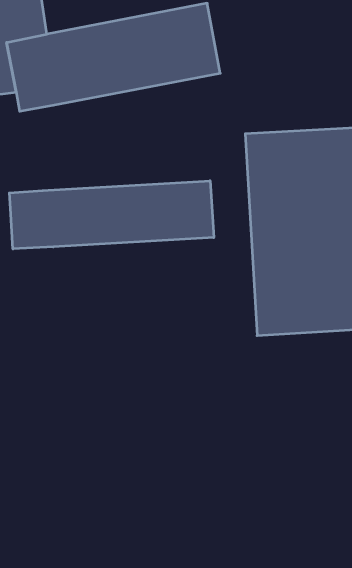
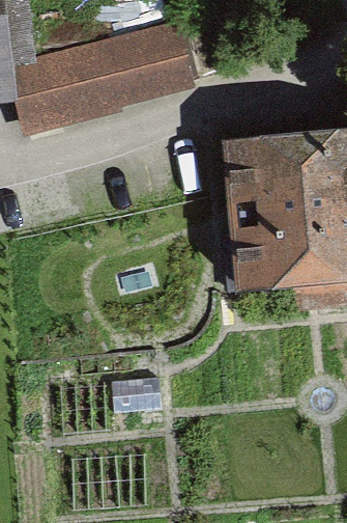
building: [9,181,214,249] -> none

